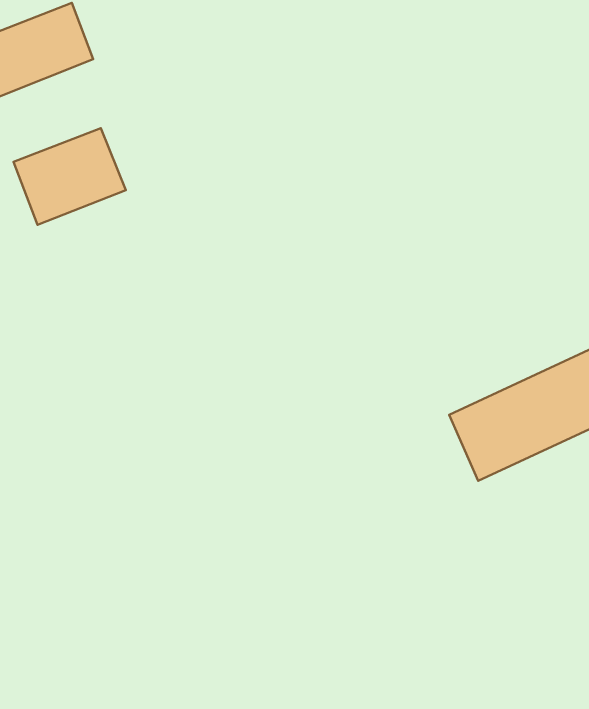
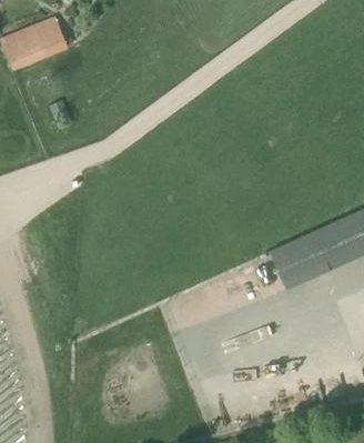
building: [14,128,126,225] -> none

